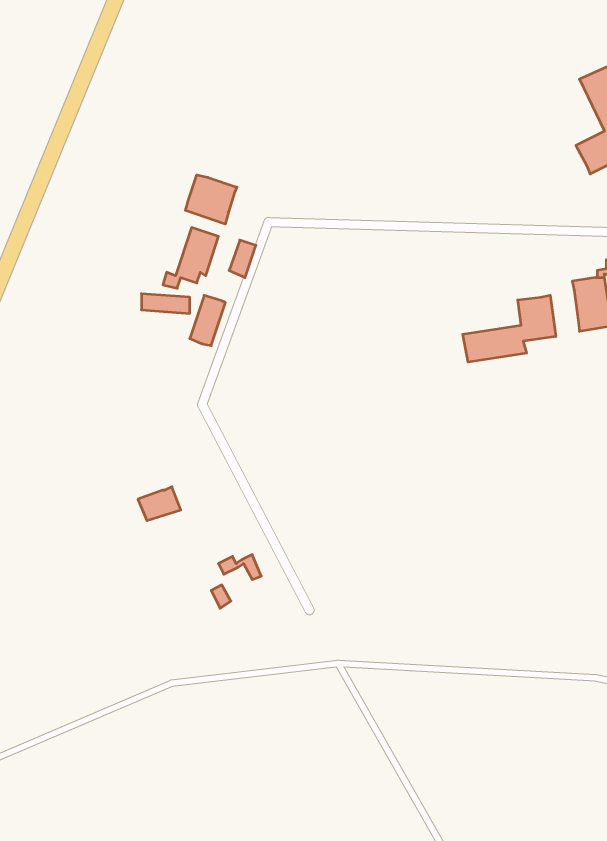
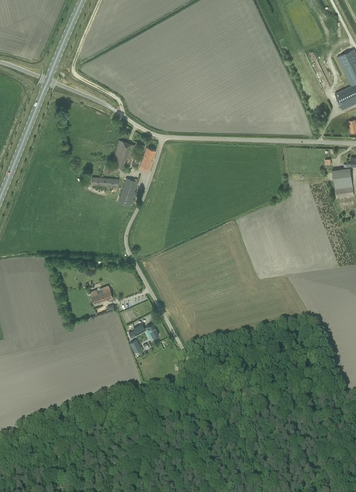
building: [185,175,237,224] -> none
building: [463,295,556,362] -> none

